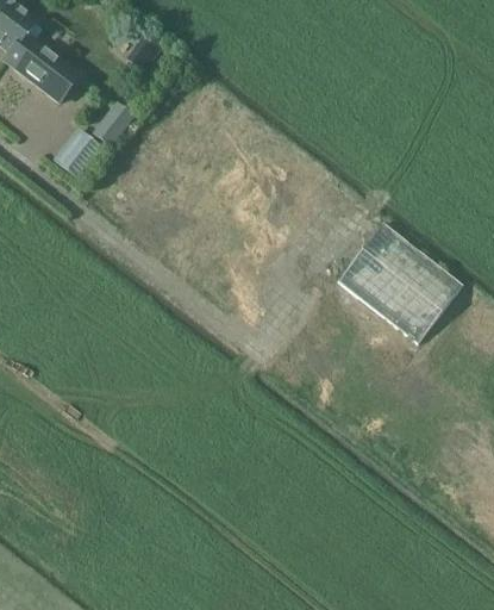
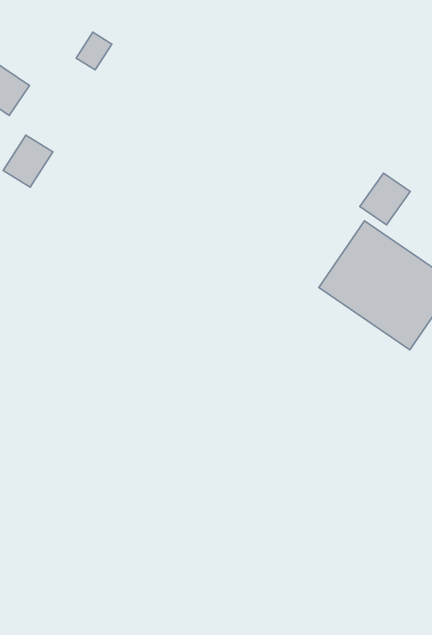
building: [94,100,133,143] -> none
building: none -> [360,173,410,225]

